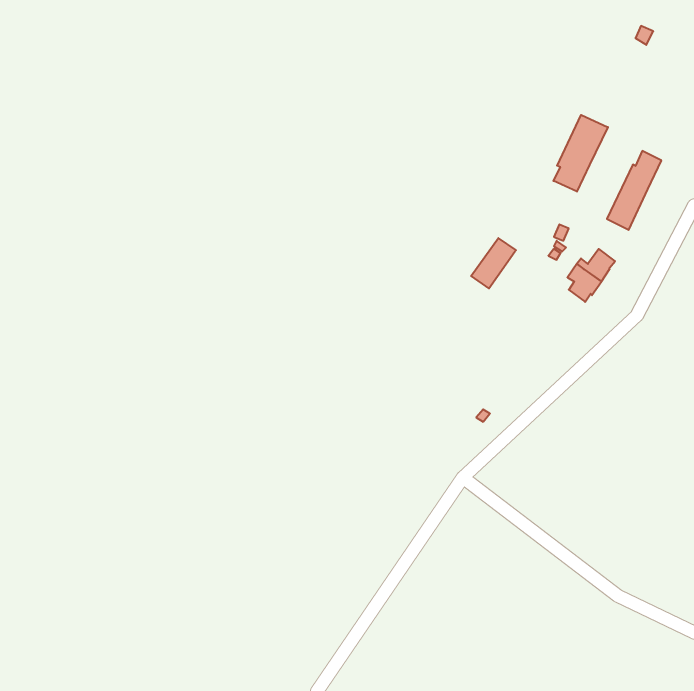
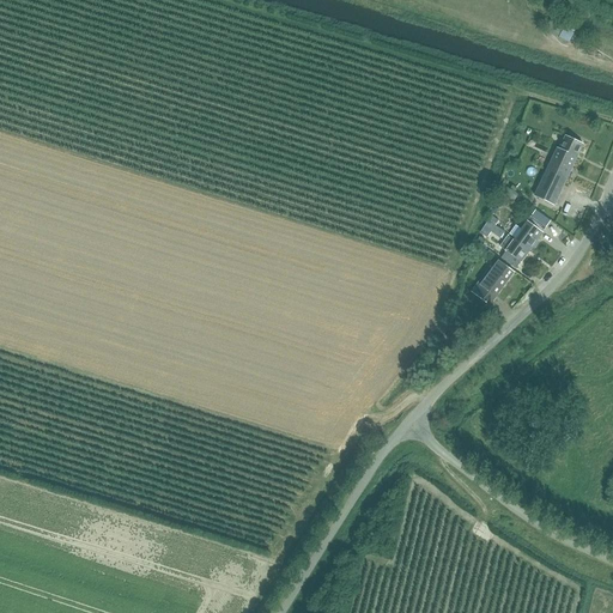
building: [553,115,608,192] -> none
building: [471,238,516,288] -> [473,259,512,303]

